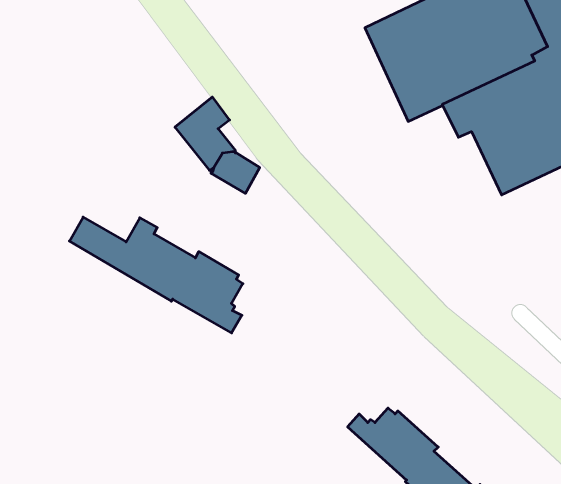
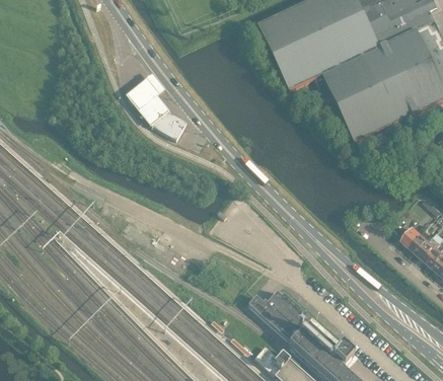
building: [69,217,243,333] -> none

